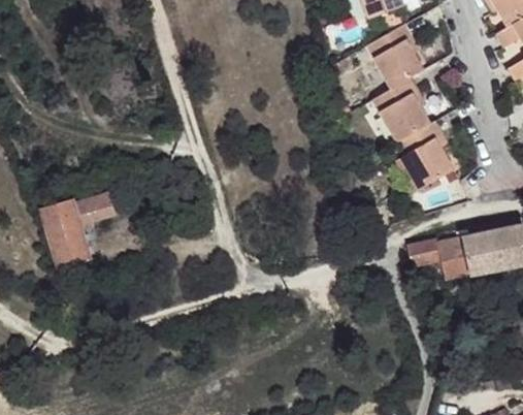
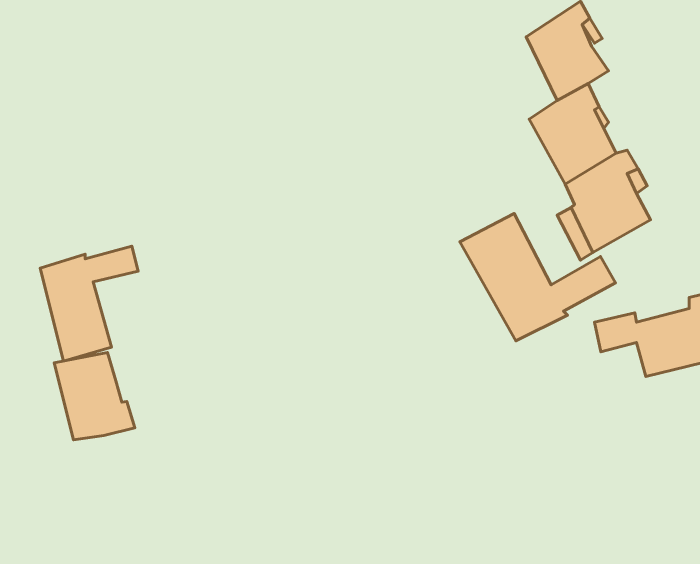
building: none -> [460,214,615,341]
building: none -> [54,352,135,440]

